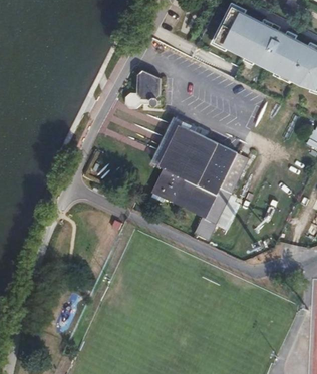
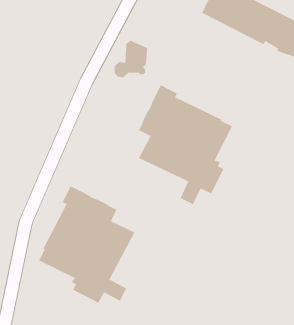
building: none -> [38,185,135,303]

